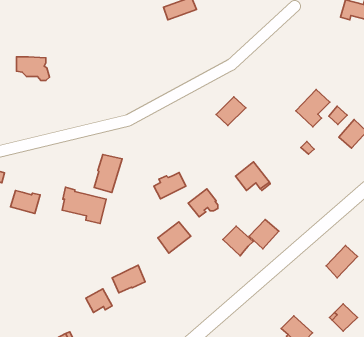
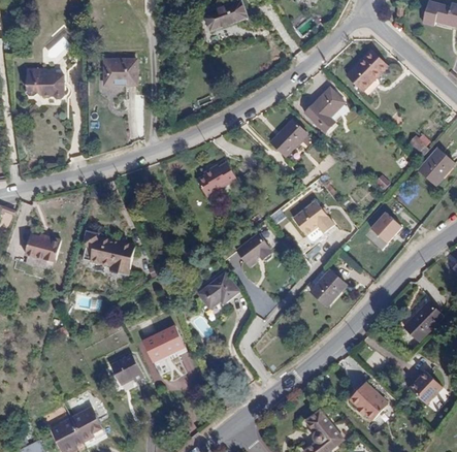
building: none -> [346,50,386,90]
building: none -> [104,57,136,82]
building: [296,90,330,127] -> [303,86,345,131]
building: [94,154,122,192] -> none
building: none -> [369,212,402,245]
building: [154,173,186,199] -> [197,165,236,197]
building: [223,226,253,256] -> none

